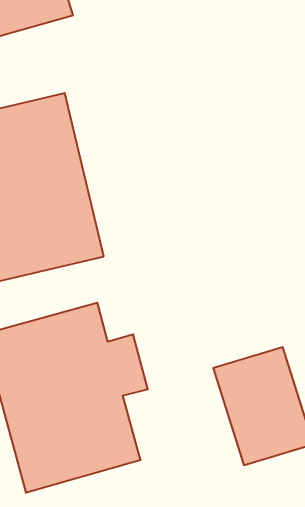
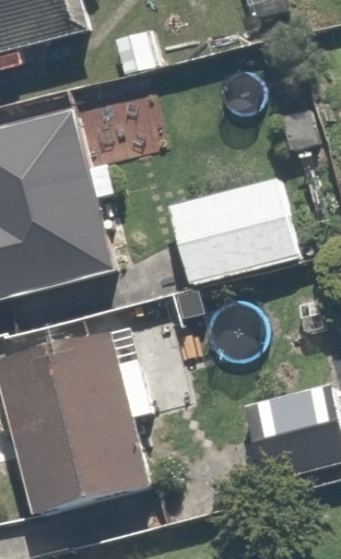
building: none -> [164,169,301,288]

